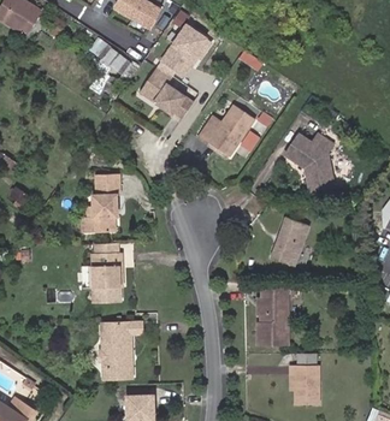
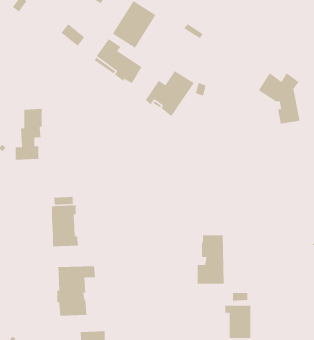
building: [284,134,332,192] -> [258,72,300,124]
building: [88,173,119,232] -> [15,108,43,160]
building: [271,219,307,265] -> none

